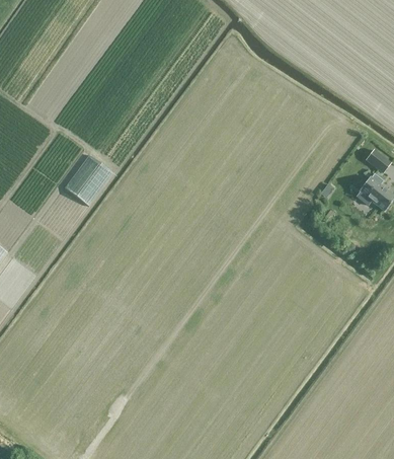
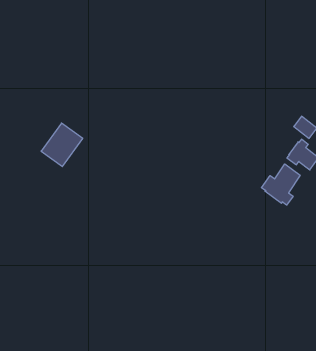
building: none -> [261,164,300,205]

